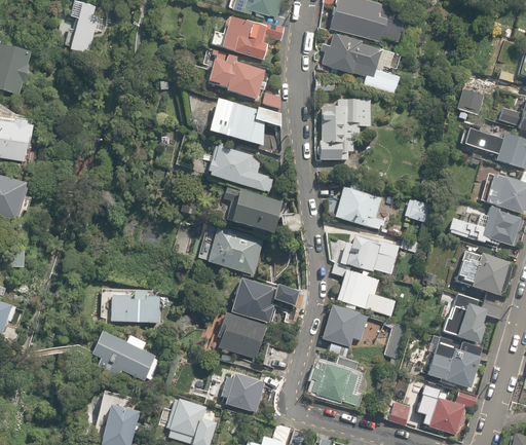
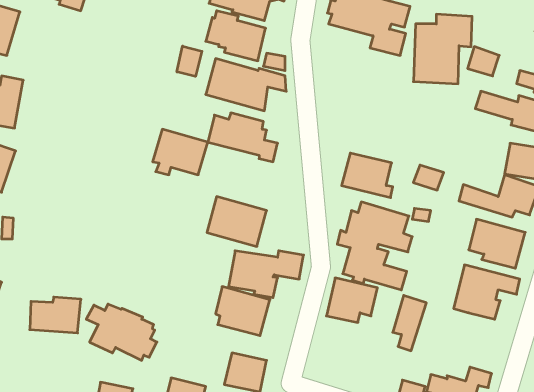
building: none -> [177,46,202,76]
building: [317,97,373,162] -> [413,14,472,84]
building: [228,189,280,232] -> [153,129,208,175]
building: [112,289,160,323] -> [30,297,81,333]
building: [427,339,484,387] -> none
building: [310,361,364,407] -> none

